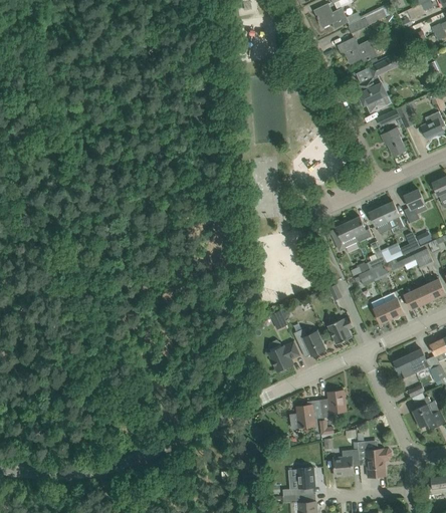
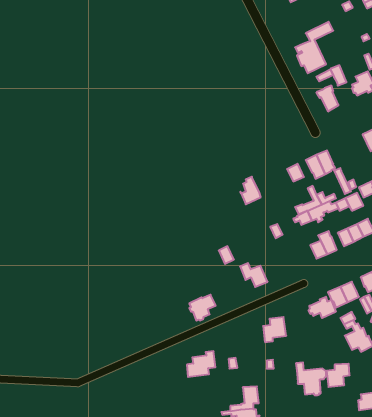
building: [338,37,377,64] -> none
building: [404,189,426,223] -> none
building: [332,219,356,250] -> [240,177,261,204]
building: [326,316,353,344] -> none
building: [268,342,298,371] -> [189,295,216,321]
building: none -> [309,297,336,318]
building: [289,400,321,429] -> [187,351,215,377]
building: [332,450,359,476] -> [327,364,350,387]

